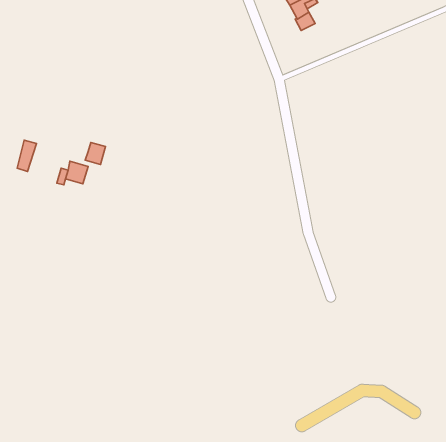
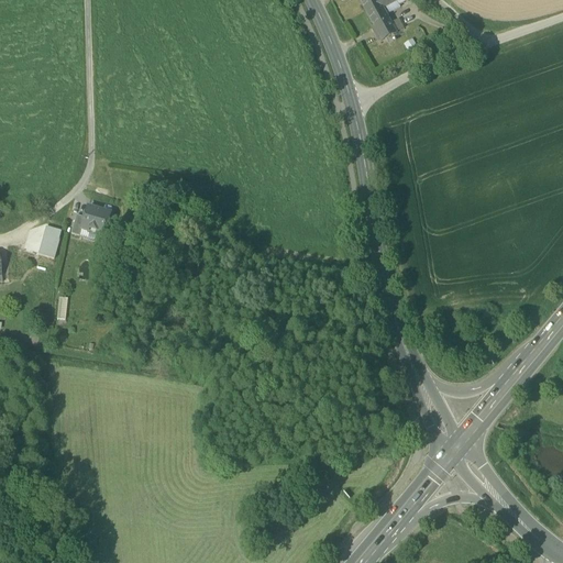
building: [17,140,36,172] -> [38,219,63,258]
building: [85,143,106,164] -> none

